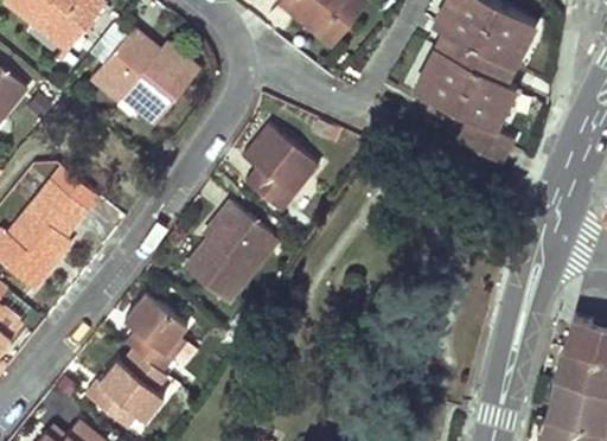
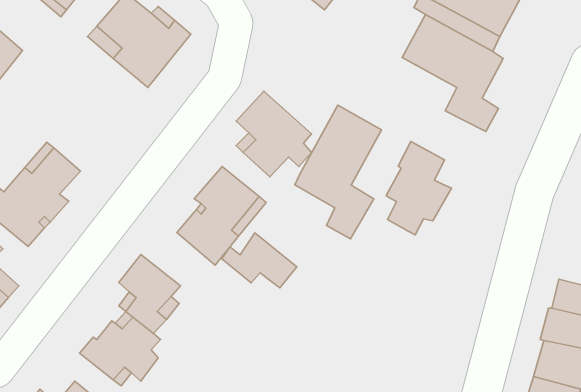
building: none -> [295,105,382,239]
building: none -> [386,141,452,235]
building: none -> [222,233,297,288]

